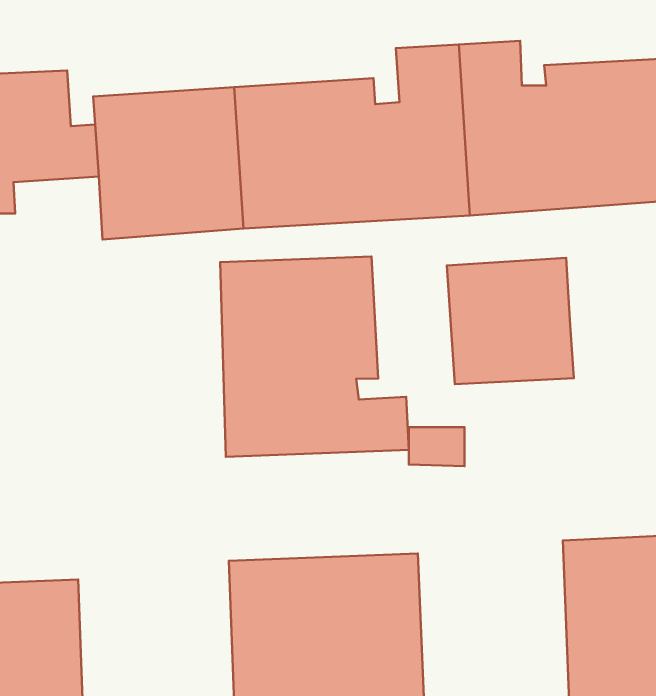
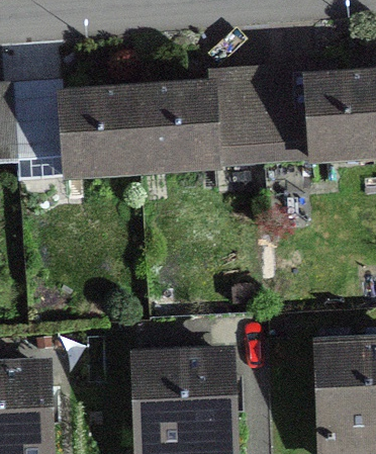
building: [220,256,409,457] -> none
building: [447,258,574,384] -> none

